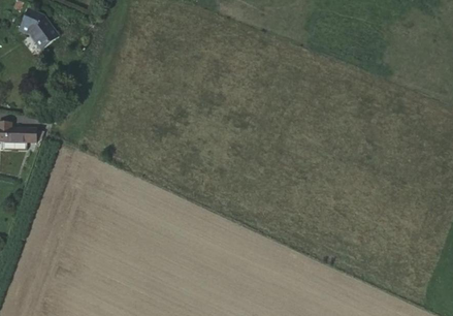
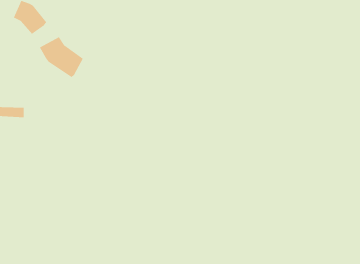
building: none -> [39,36,84,78]

